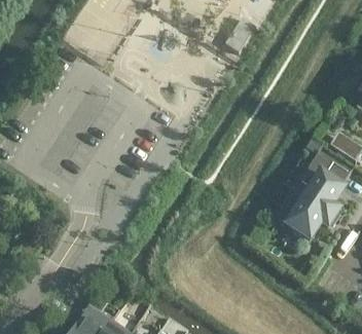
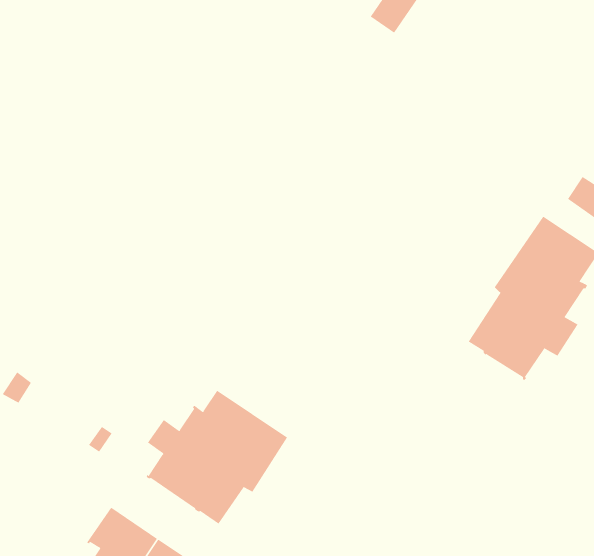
building: none -> [146,390,288,524]

